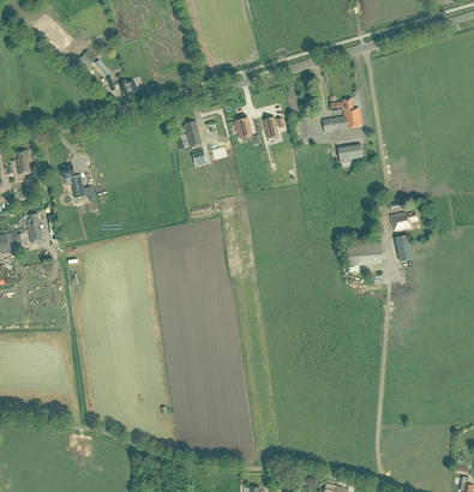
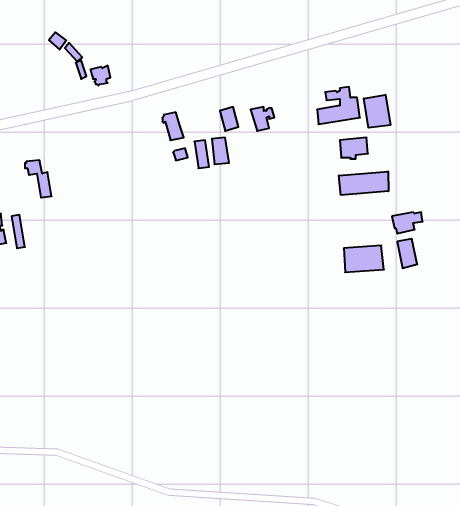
building: none -> [364,95,390,128]
building: none -> [339,171,388,195]

